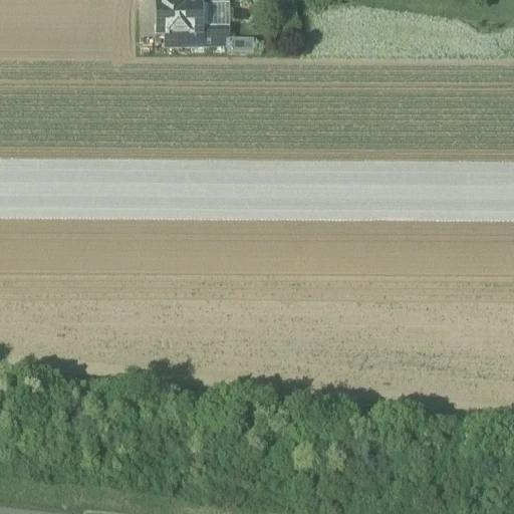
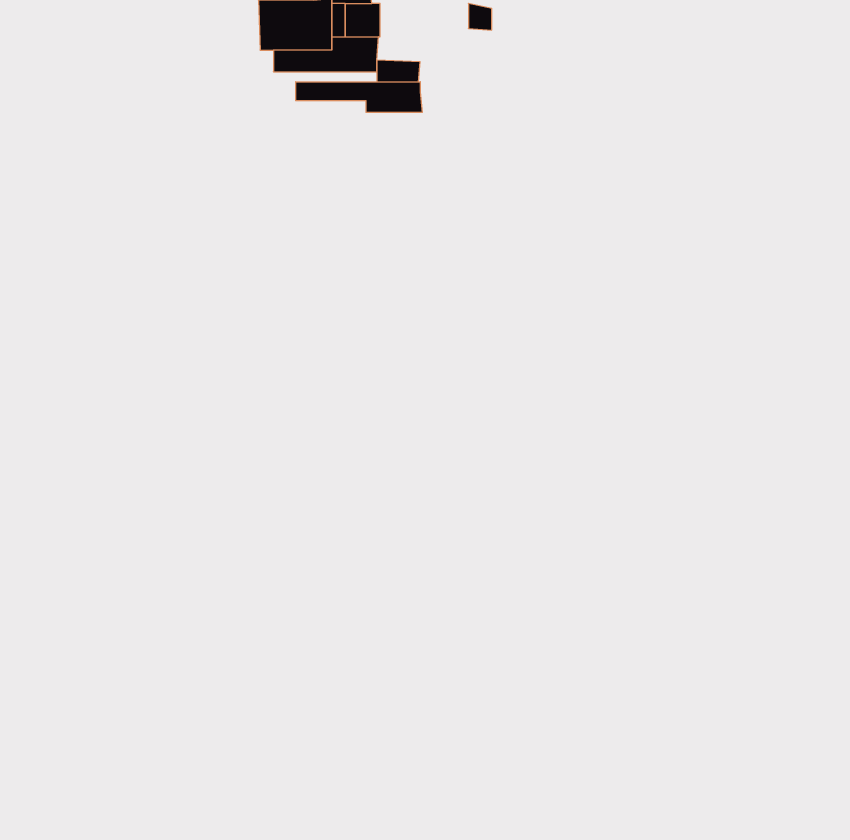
building: none -> [296,82,422,112]

